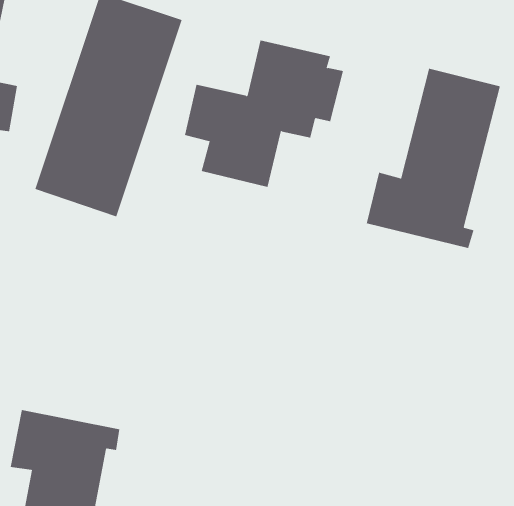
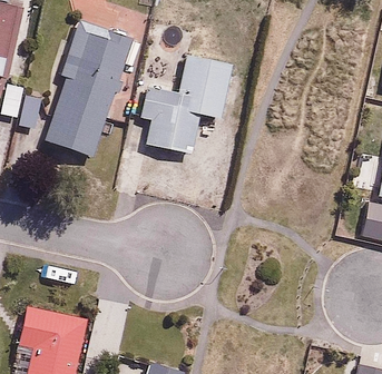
building: [366,68,500,249] -> none

